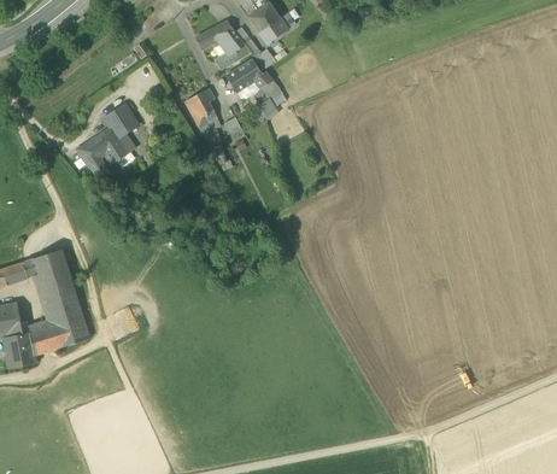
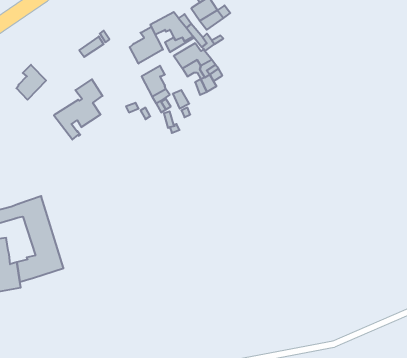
building: none -> [130,27,163,64]
building: none -> [16,65,46,100]
building: [20,274,53,333] -> none

